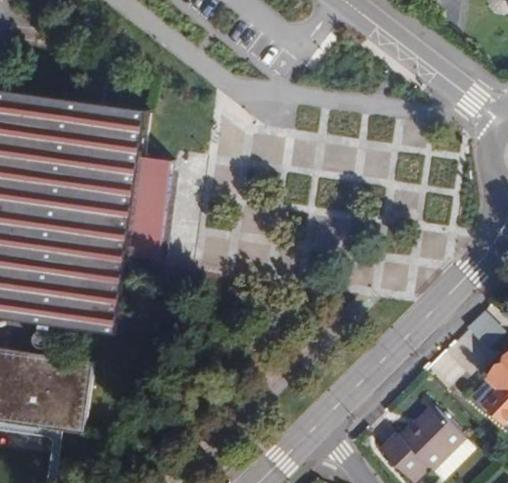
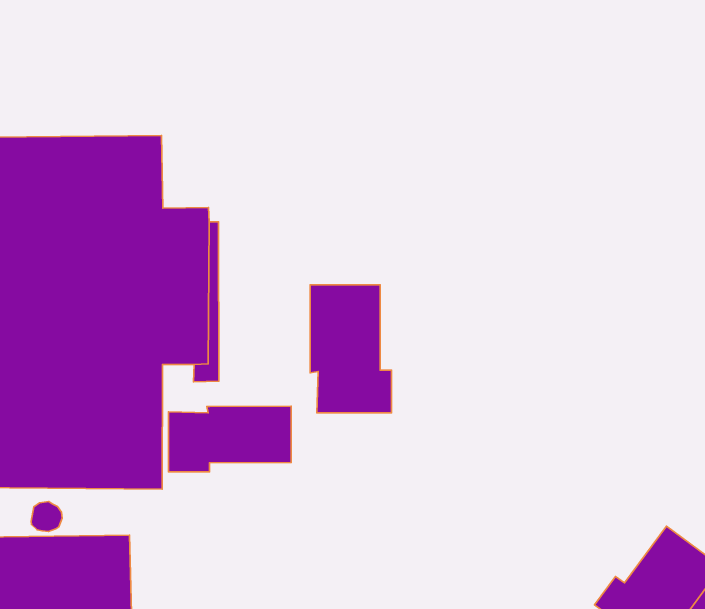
building: none -> [310,285,392,413]
building: none -> [168,406,291,472]

